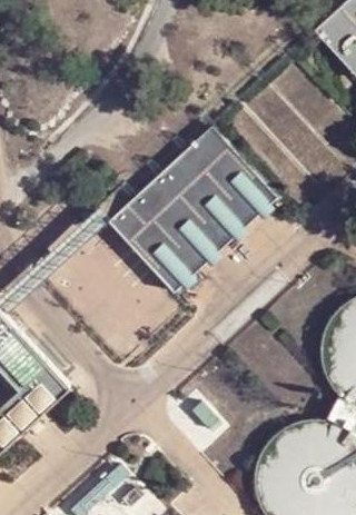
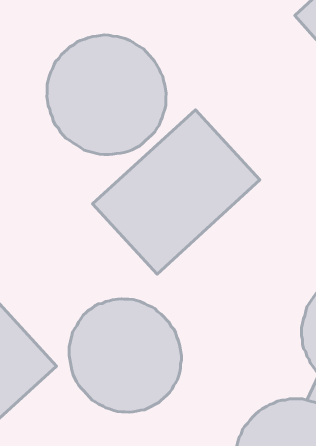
building: none -> [47,35,166,155]
building: none -> [69,299,182,412]

